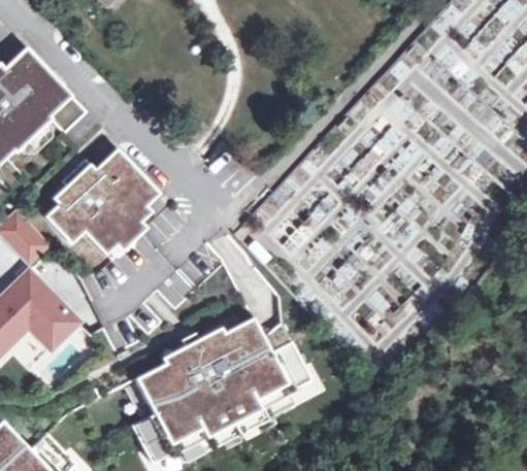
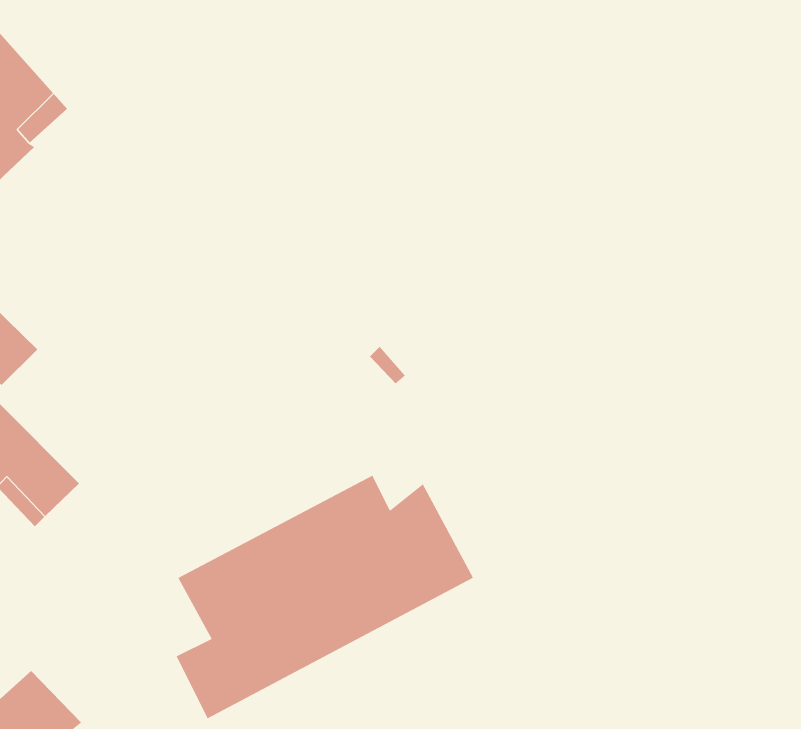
building: [45,149,153,257] -> none

